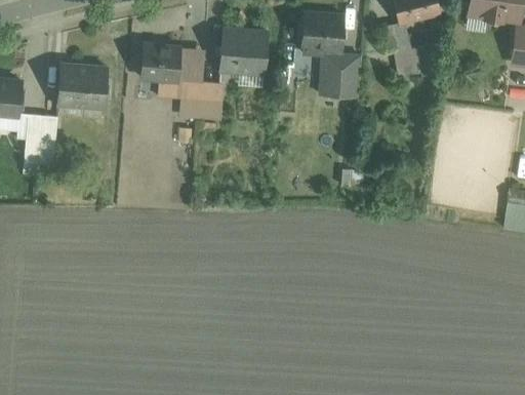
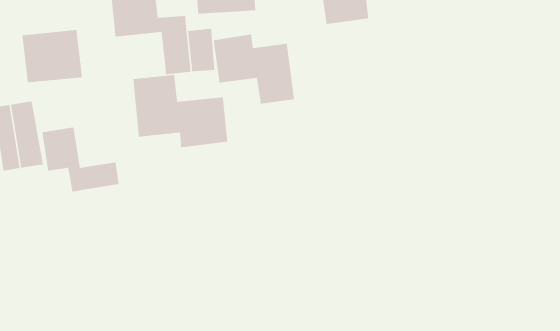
building: none -> [213,33,295,104]
building: none -> [132,74,228,148]
building: none -> [42,126,119,192]

